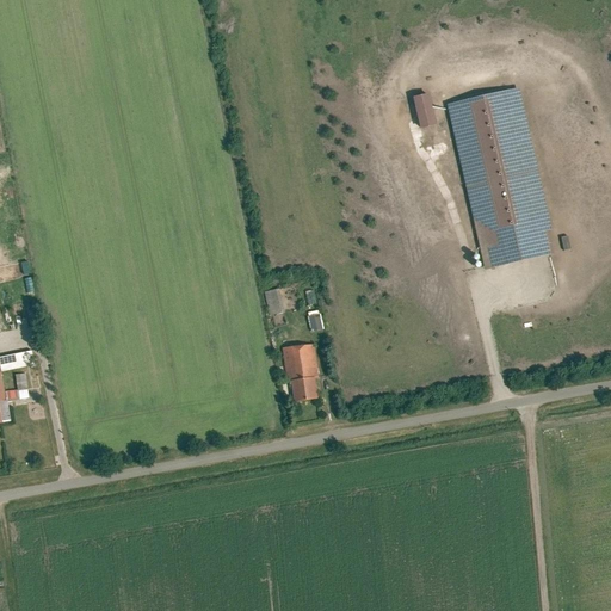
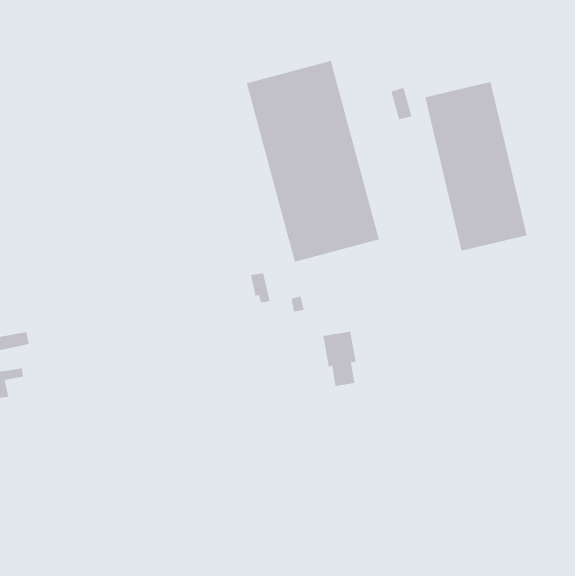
building: none -> [246,60,380,263]
building: [280,342,316,401] -> [322,331,356,387]

